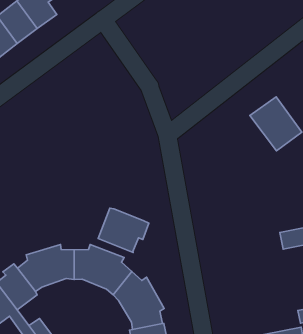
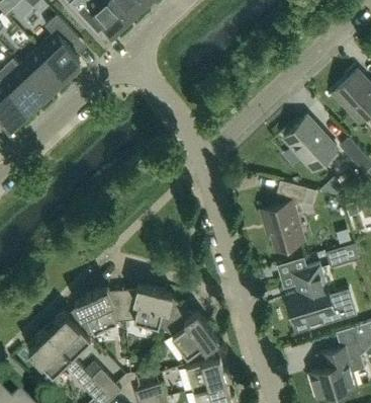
building: none -> [260,182,307,250]
building: [98,208,149,253] -> none
building: none -> [285,264,343,334]

